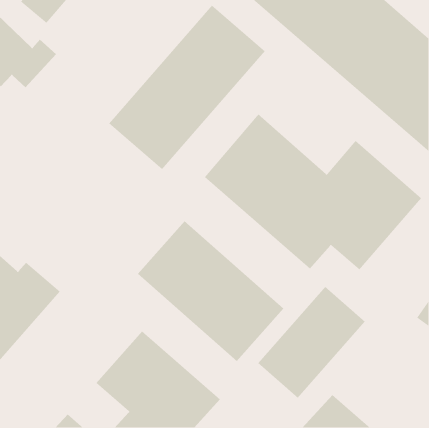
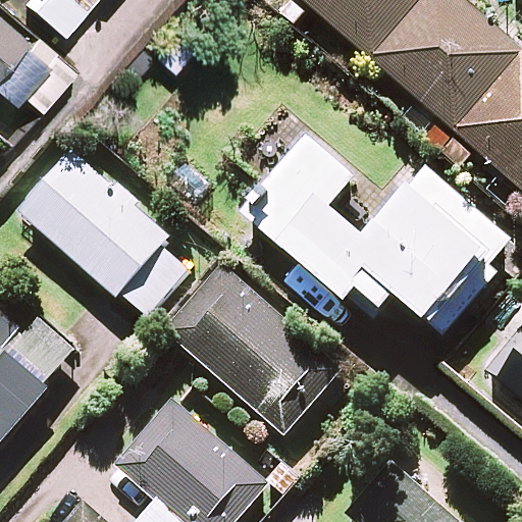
building: [108,4,266,170] -> none
building: none -> [19,151,192,317]
building: [257,286,366,399] -> none

